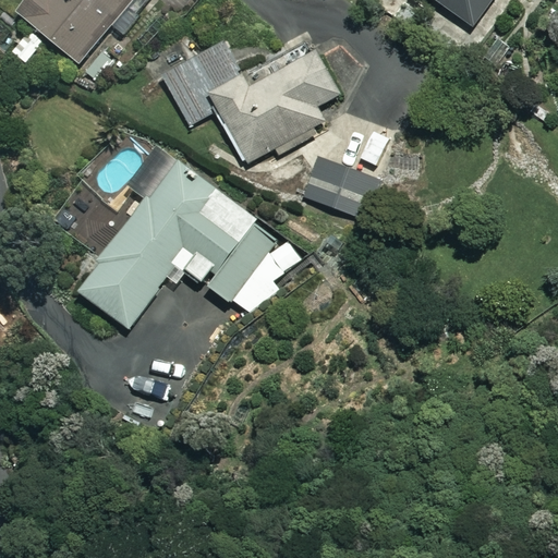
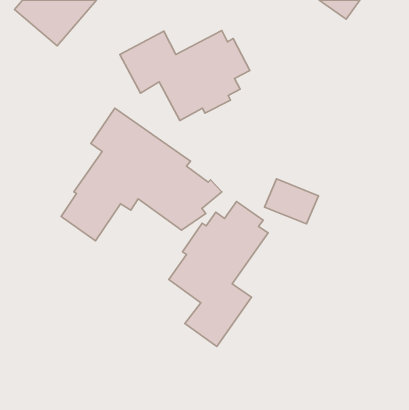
building: [304,159,377,220] -> [265,179,318,224]
building: none -> [169,201,268,347]

